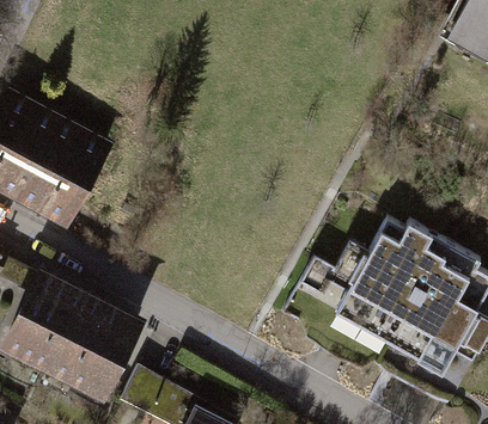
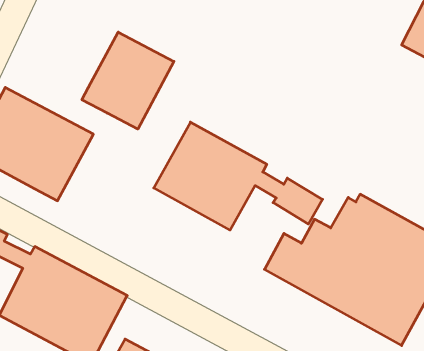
building: none -> [82,32,174,129]
building: none -> [154,122,323,230]

